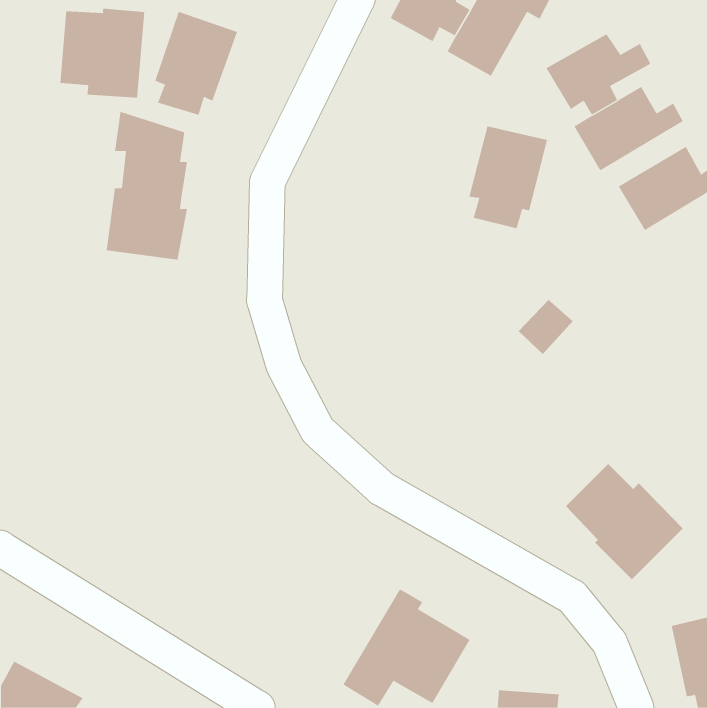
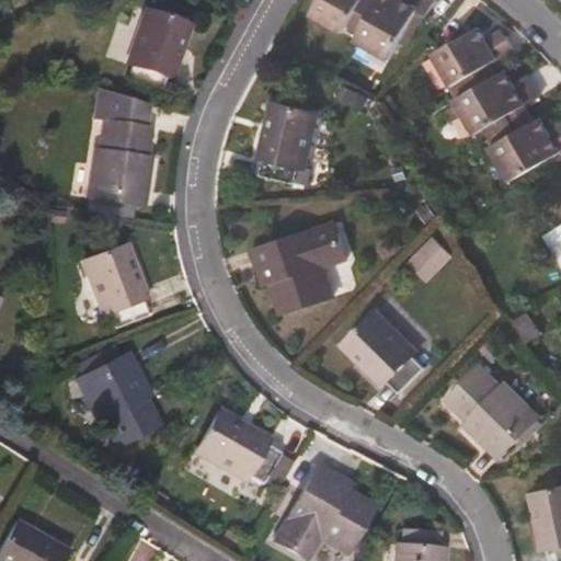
building: [60,8,145,98] -> none
building: [469,126,548,229] -> [257,101,320,182]
building: none -> [253,221,346,313]
building: none -> [81,243,148,328]
building: none -> [344,310,425,391]
building: none -> [75,352,159,447]
building: none -> [195,410,278,483]

